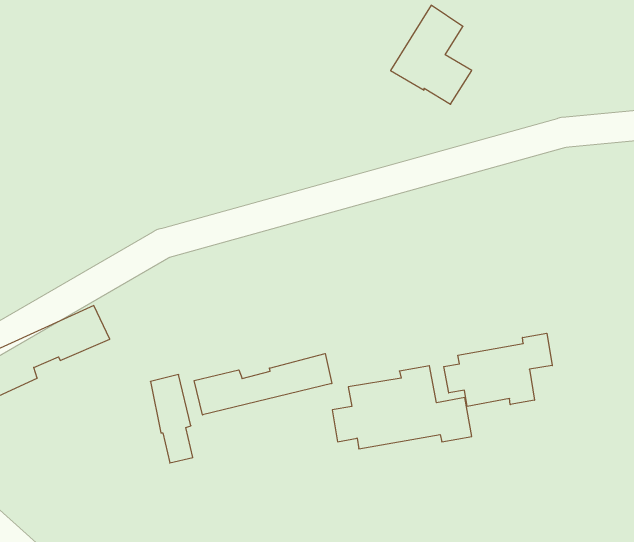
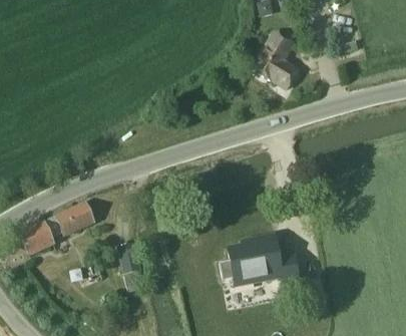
building: [444,333,552,406] -> none
building: [194,354,332,415] -> none

